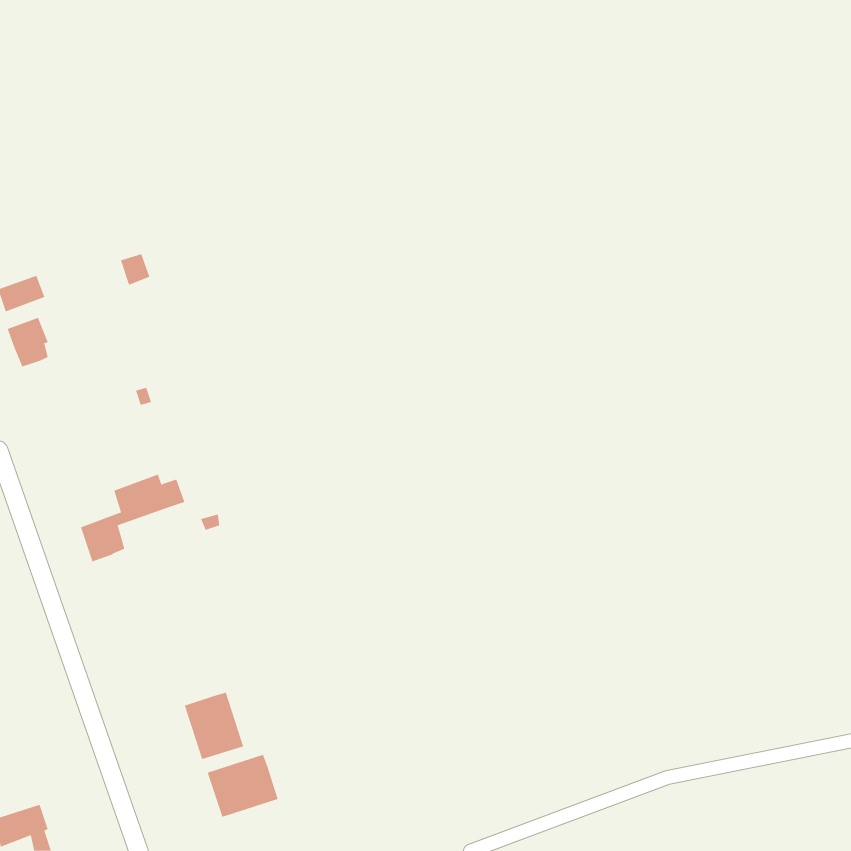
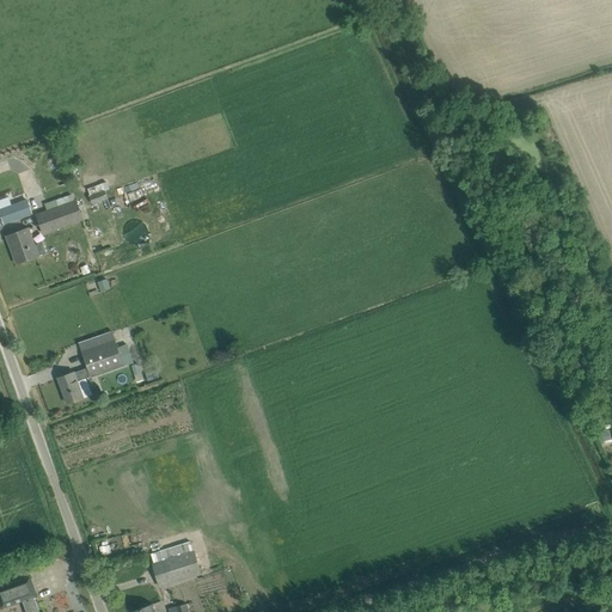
building: none -> [36,198,82,233]
building: [184,692,244,760] -> none

